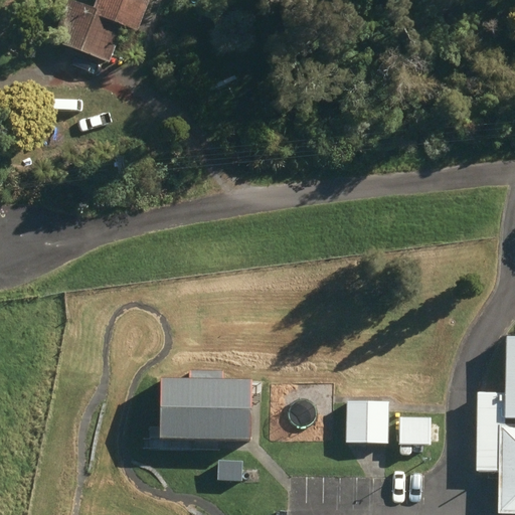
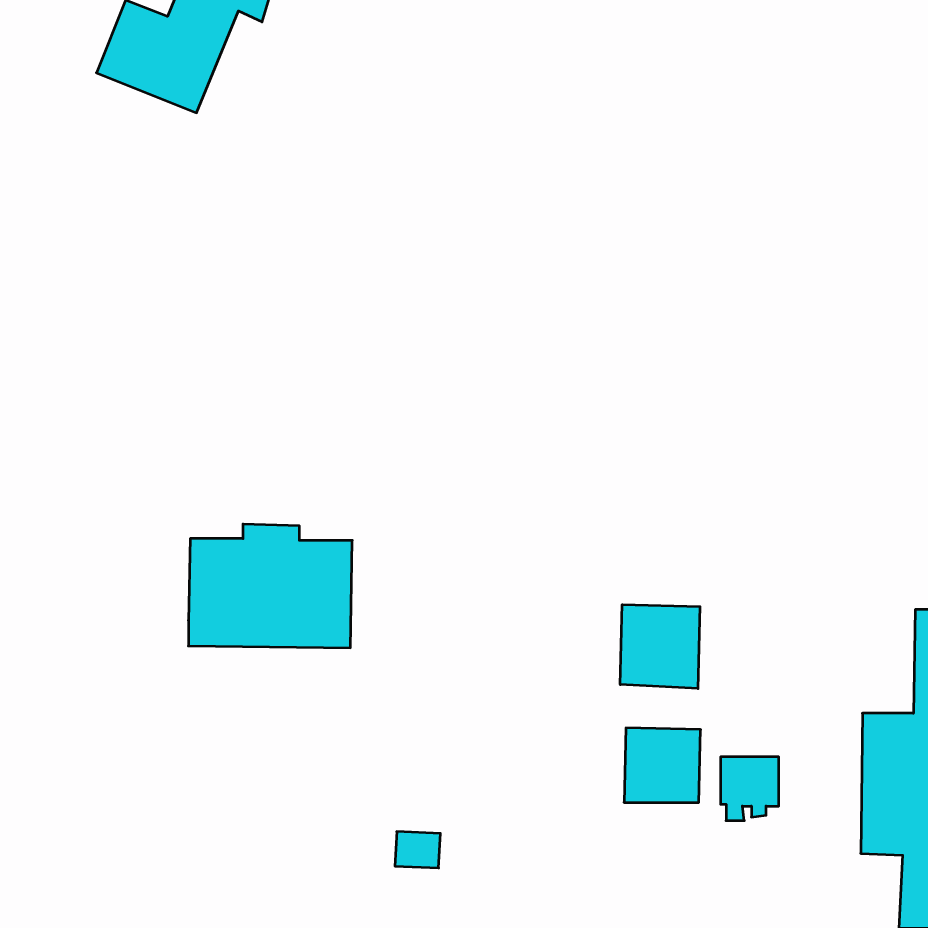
building: none -> [620,605,700,689]
building: [161,371,251,440] -> [188,524,352,648]

